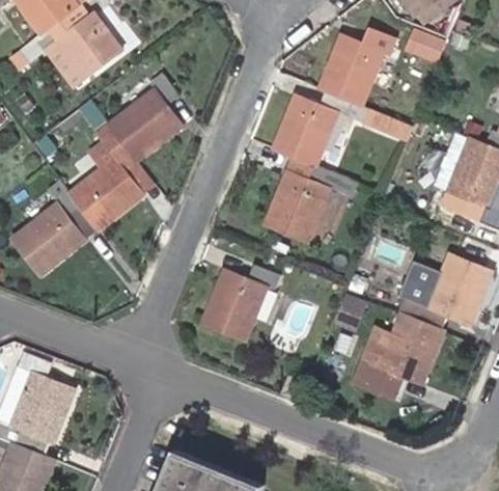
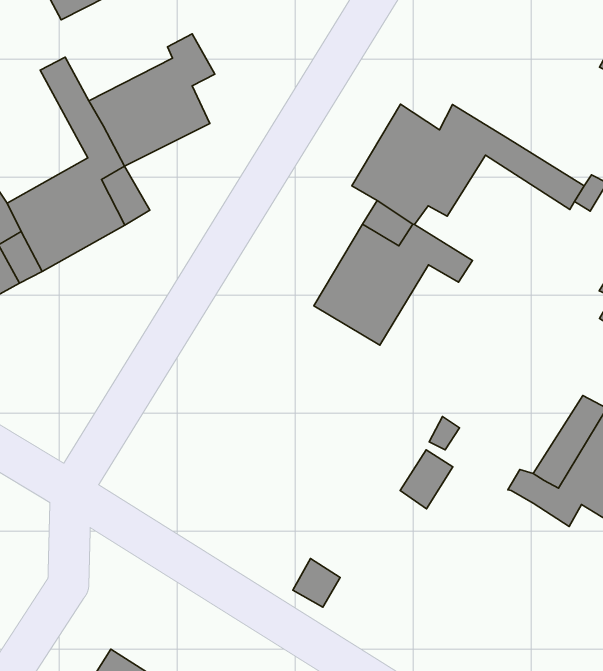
building: [318,29,397,104] -> none
building: [203,265,281,340] -> none
building: [358,315,444,390] -> none

